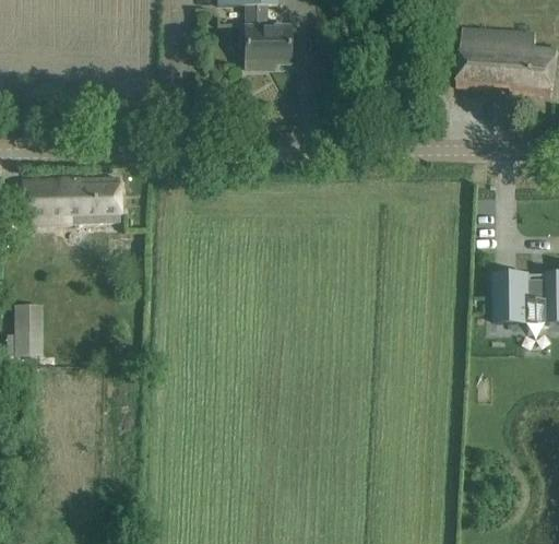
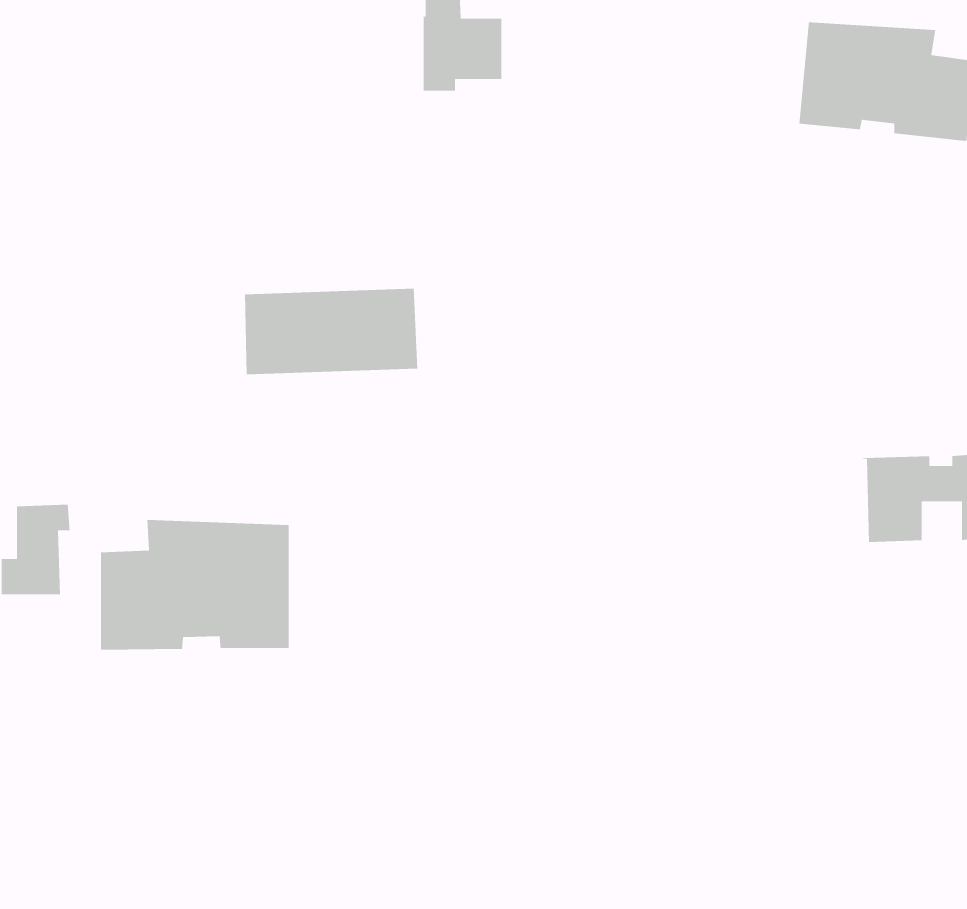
building: [22,176,120,225] -> [244,288,418,375]
building: none -> [100,519,290,650]

